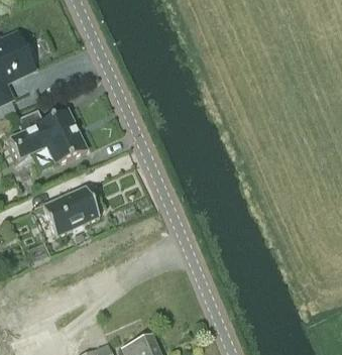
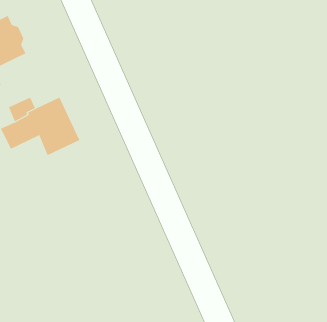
building: [43,186,100,235] -> none

